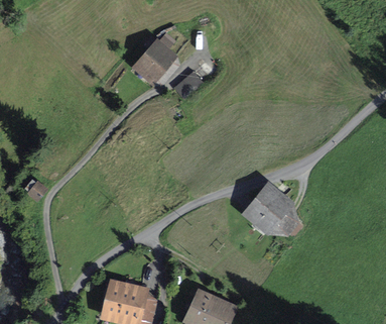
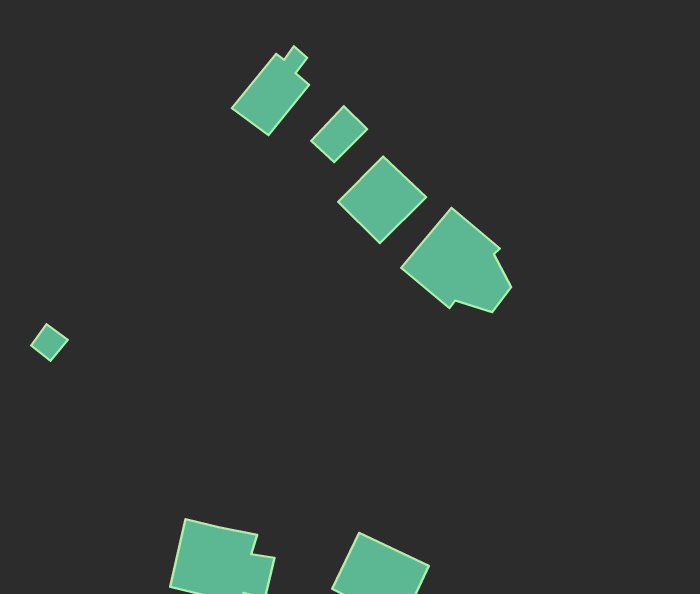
building: none -> [338,157,426,243]
building: [242,182,299,236] -> [401,208,511,312]

